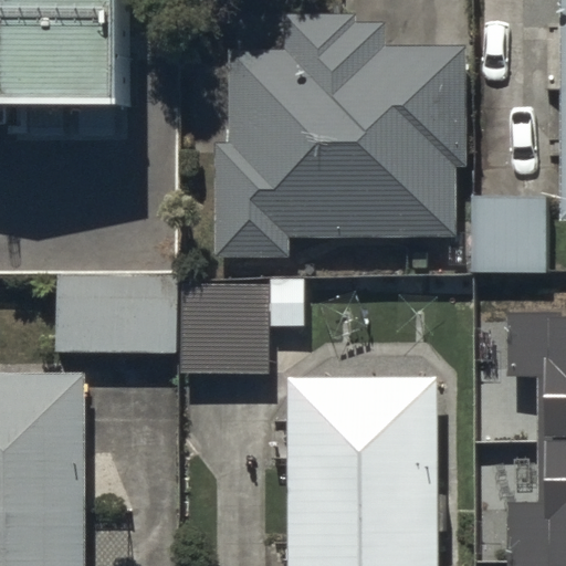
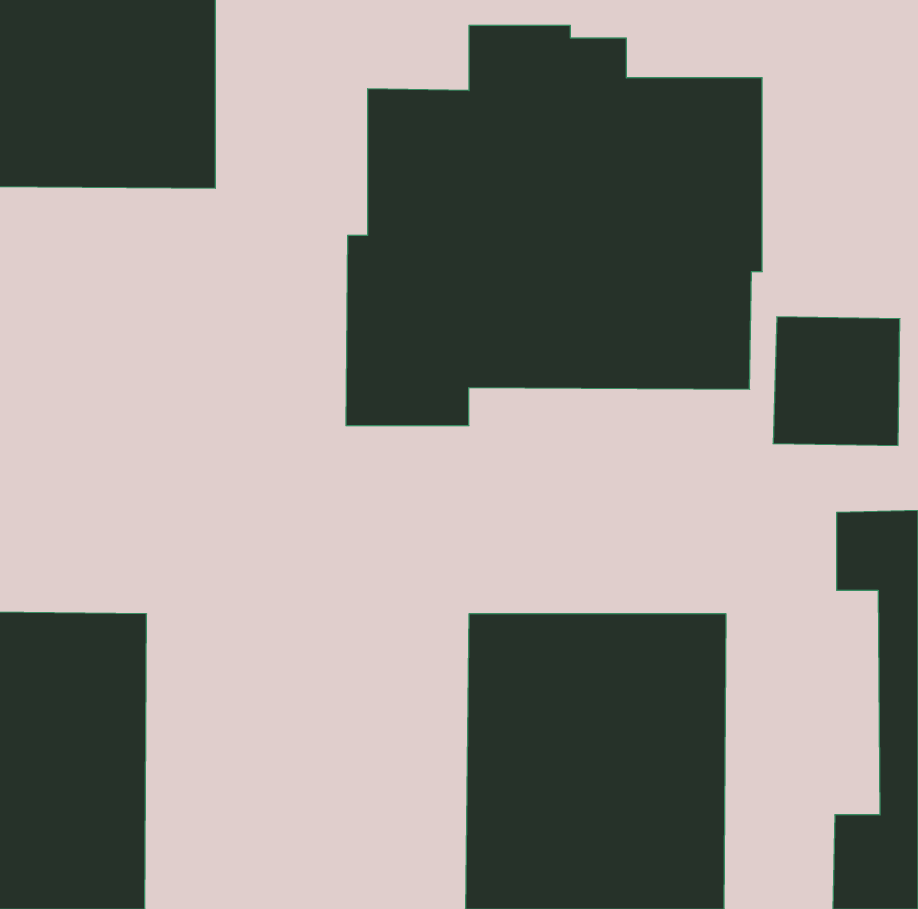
building: [51,274,292,357] -> none

